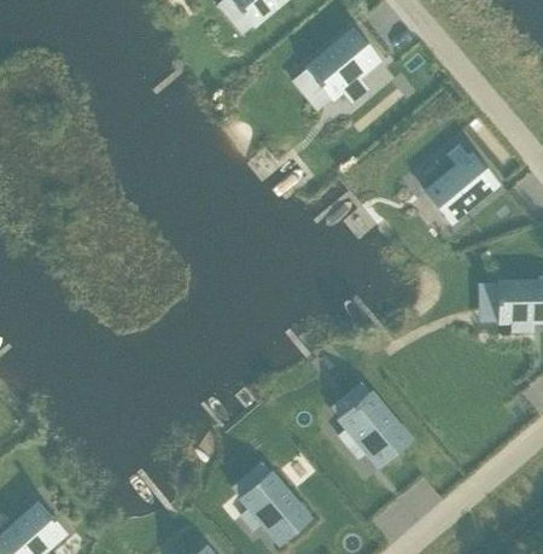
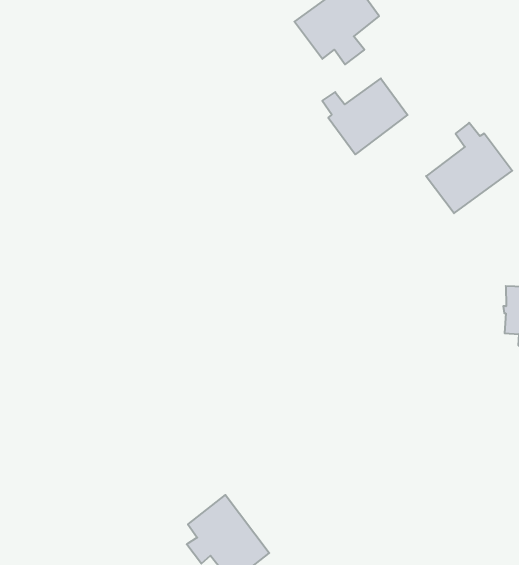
building: none -> [322,78,408,154]
building: [334,387,407,461] -> none

